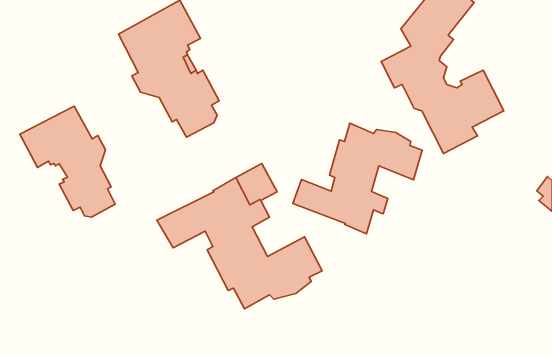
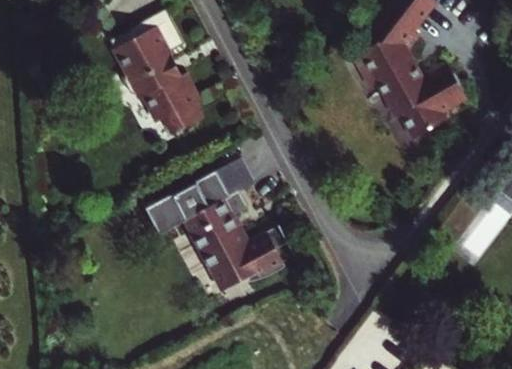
building: [20,106,115,217] -> none
building: [293,123,422,234] -> none

